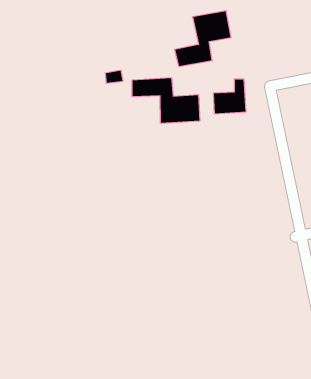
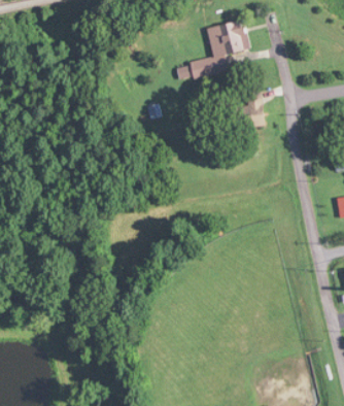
building: [132,78,200,123] -> none

